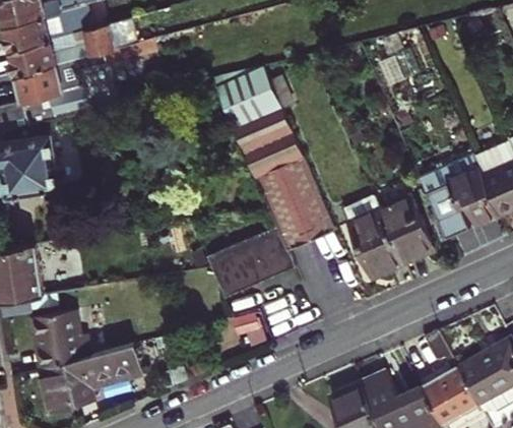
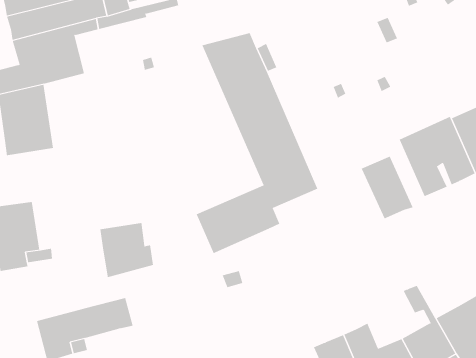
building: [341,194,402,276] -> none
building: [30,310,87,368] -> [99,223,154,278]

